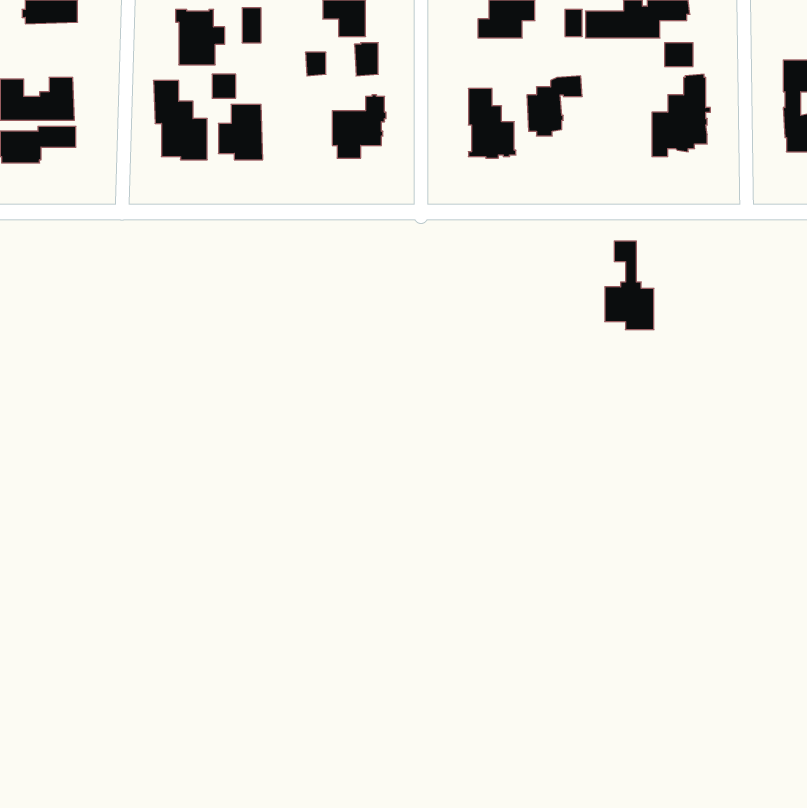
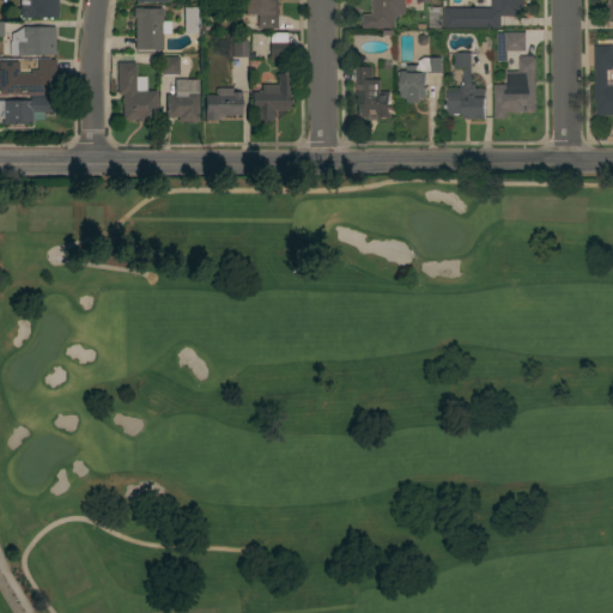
building: none -> [10,25,56,55]
building: none -> [206,87,242,120]
building: [605,241,654,330] -> [448,53,485,120]

